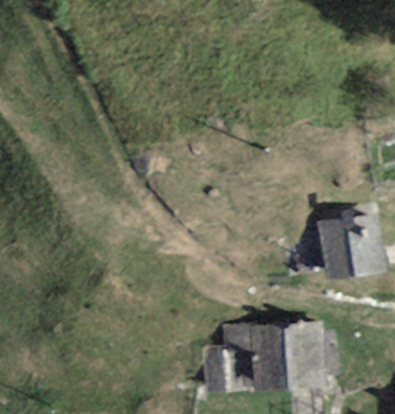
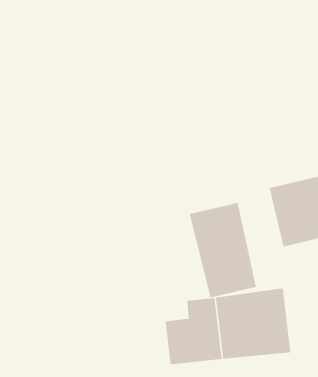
building: none -> [189,202,257,298]

